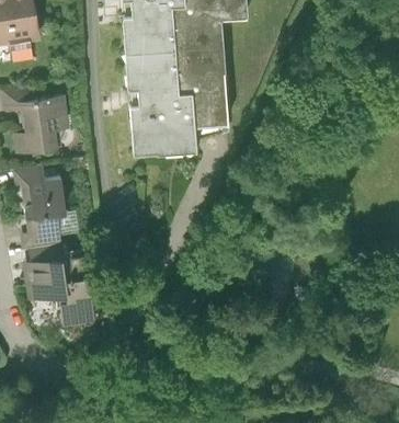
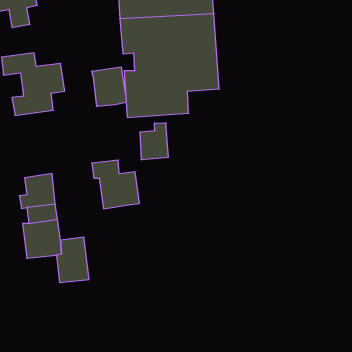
building: none -> [92,67,126,107]
building: none -> [140,123,168,160]
building: [15,167,65,217] -> [92,160,139,209]

